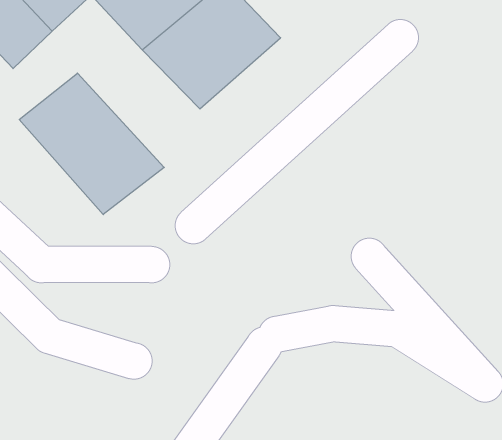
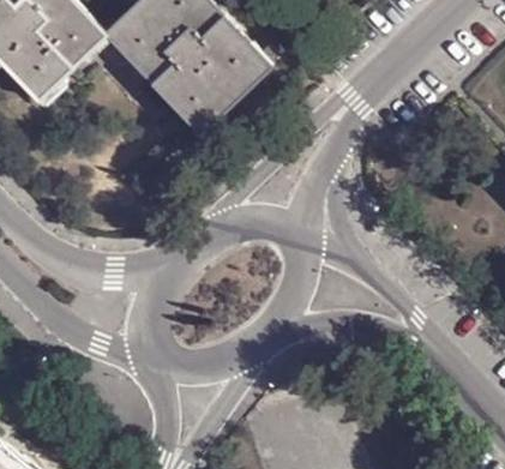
building: [19,73,164,215] -> none

